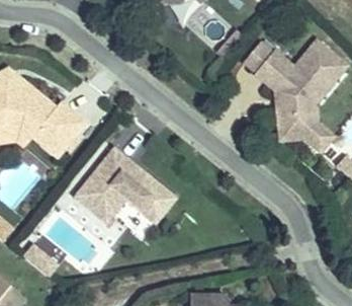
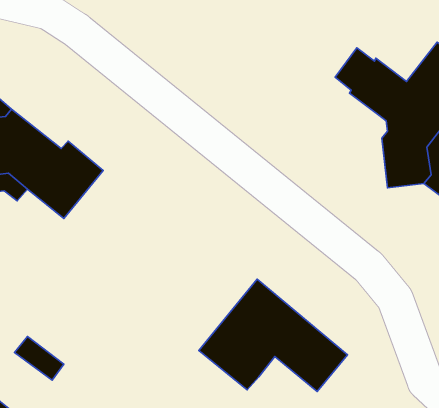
building: [71,148,174,226] -> [199,279,348,391]

